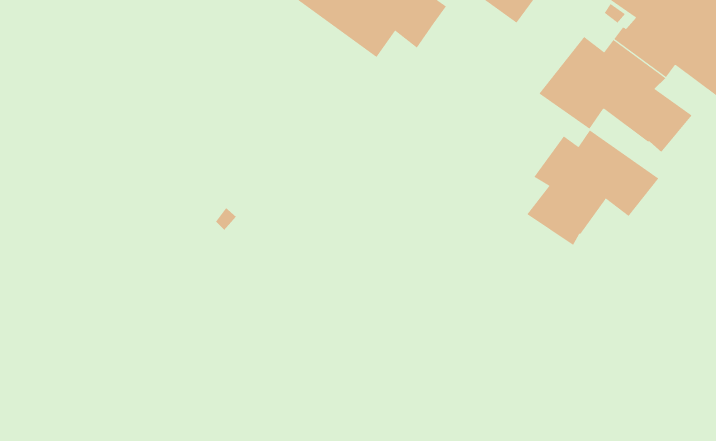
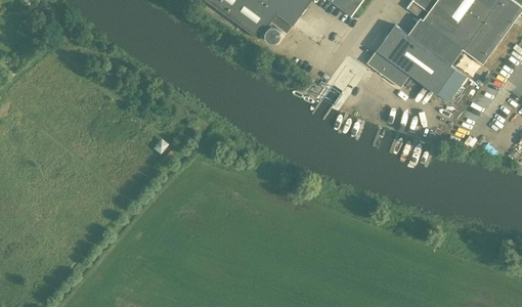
building: [527,129,659,246] -> none

